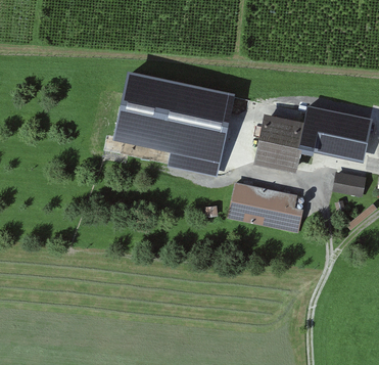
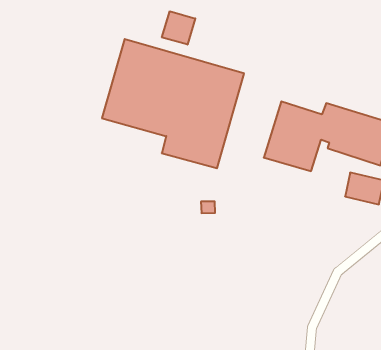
building: none -> [162,11,195,45]
building: [226,181,303,234] -> none

